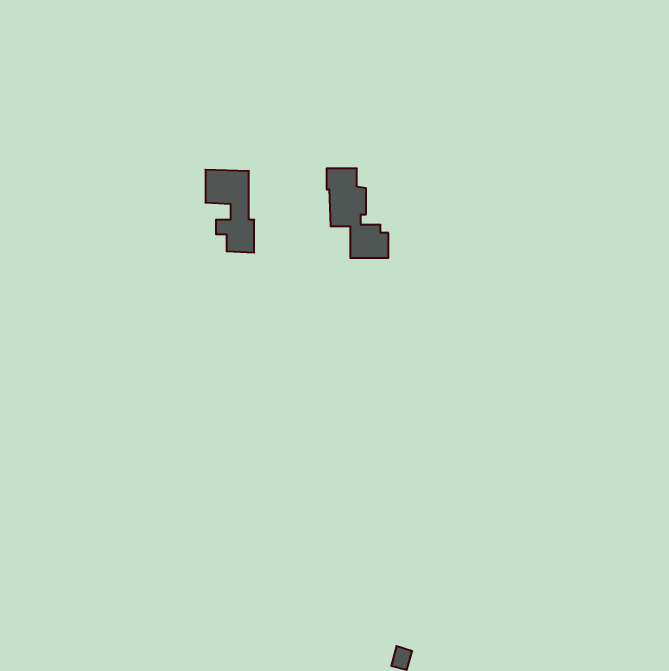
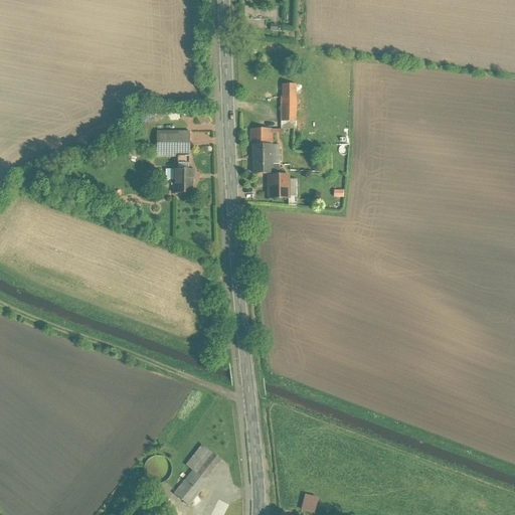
building: none -> [281,82,297,129]
building: none -> [170,444,220,506]

